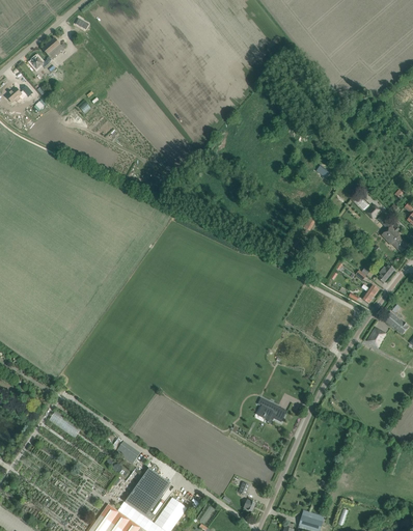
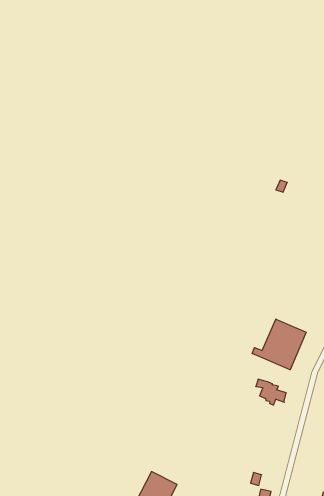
building: none -> [252,319,306,370]

